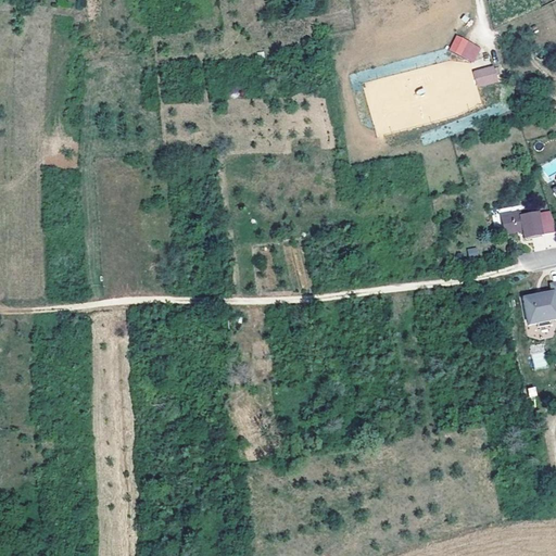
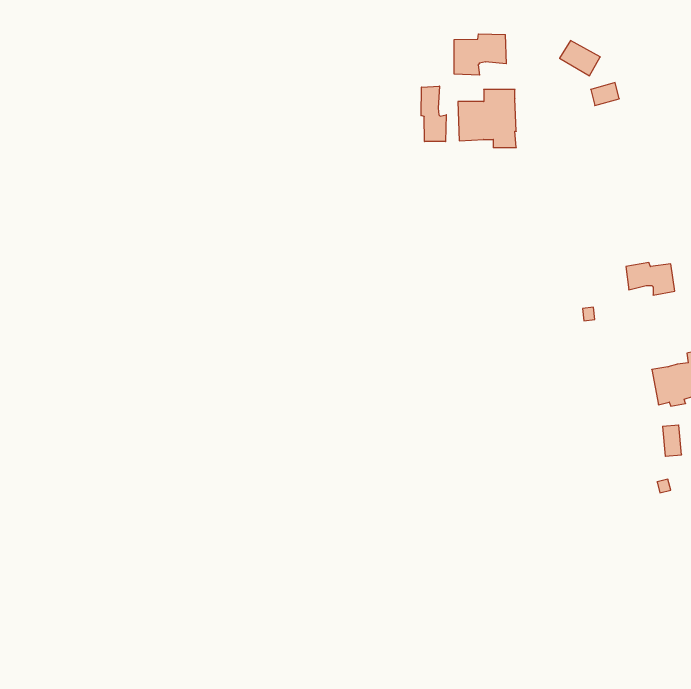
building: none -> [454,34,506,75]
building: none -> [421,86,446,142]

